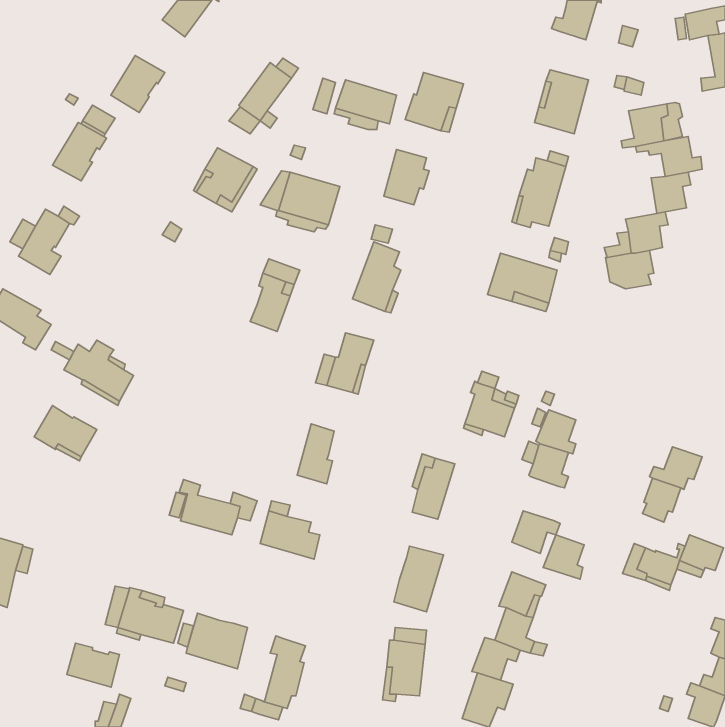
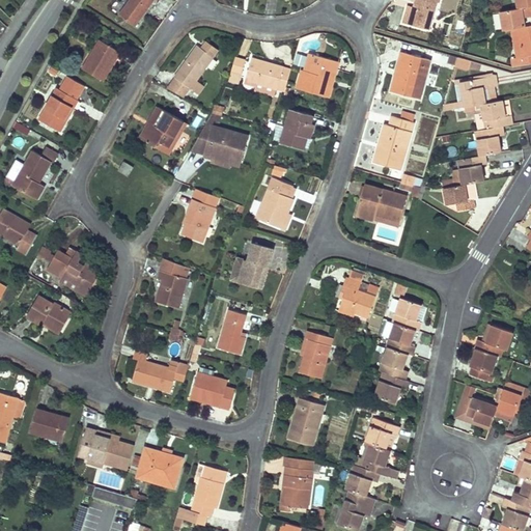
building: none -> [155,258,187,309]
building: [543,535,584,579] -> [378,347,408,380]
building: [67,643,120,687] -> [28,409,66,441]

